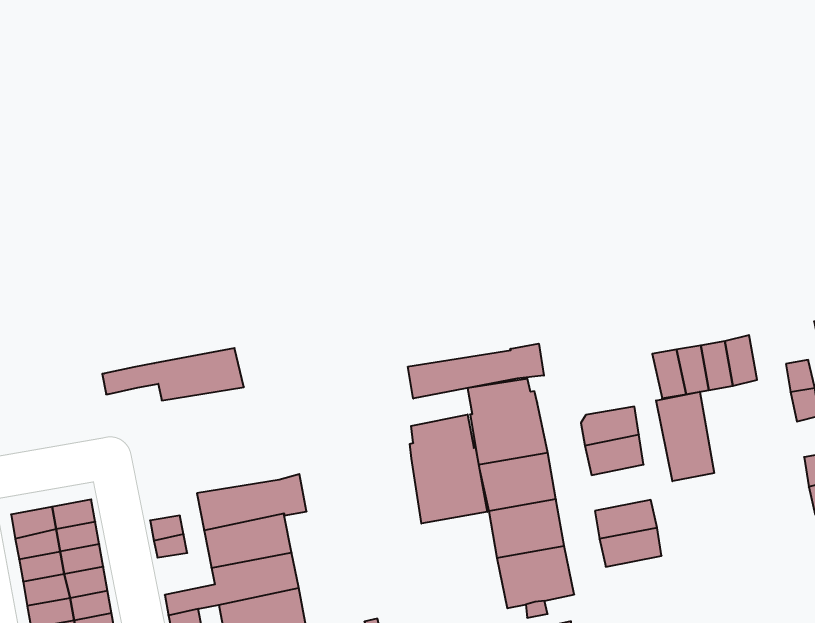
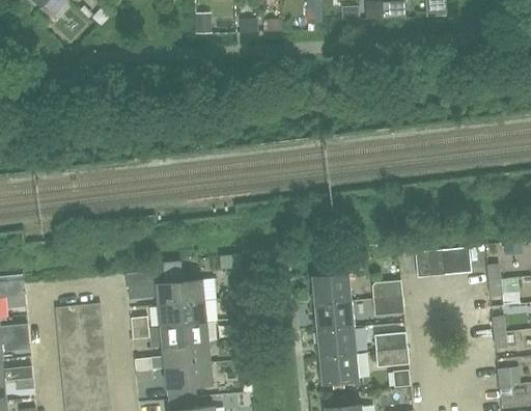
building: [408,344,544,399] -> none
building: [102,348,244,400] -> [127,280,203,305]
building: [656,392,714,481] -> none
building: [410,414,487,524] -> none

